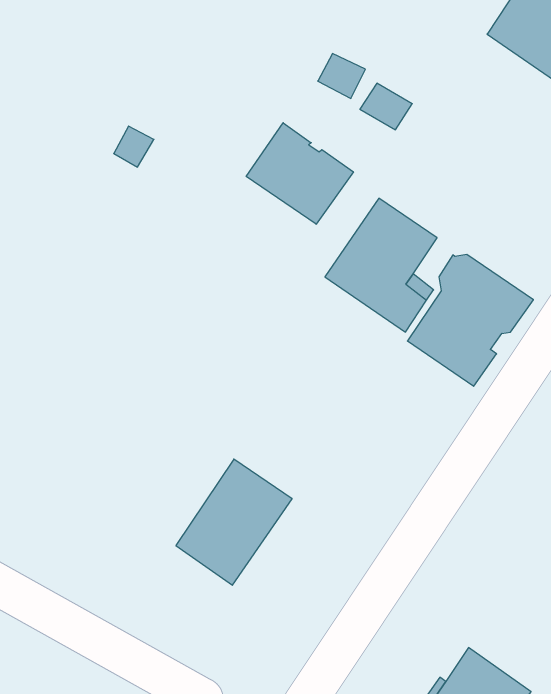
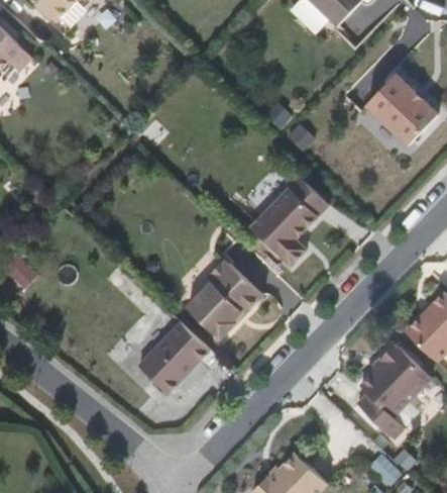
building: [246,123,353,224] -> none
building: [407,254,533,386] -> [187,263,262,339]

